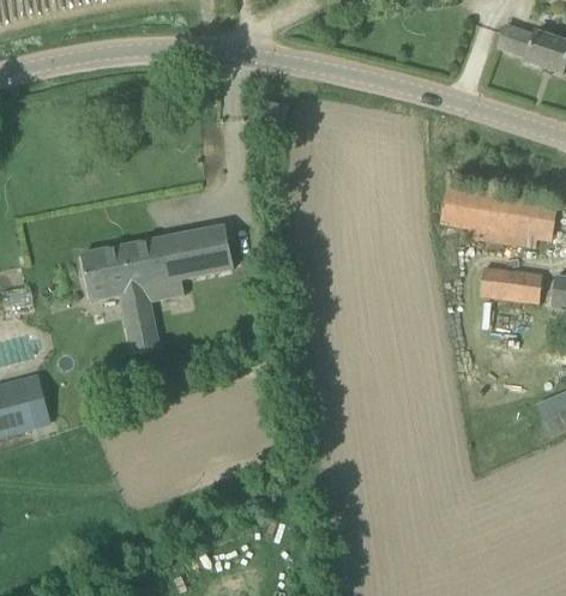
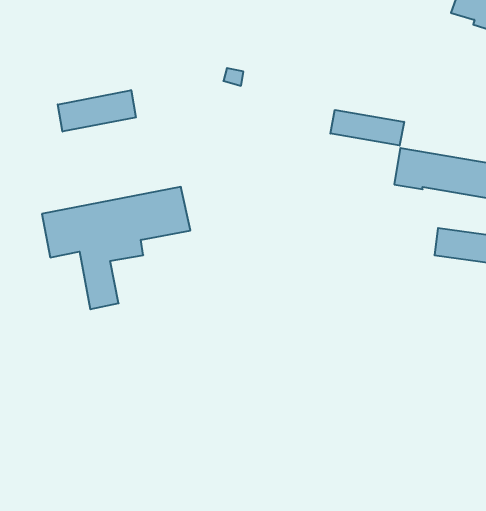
building: none -> [58,90,136,132]
building: none -> [330,110,404,146]

